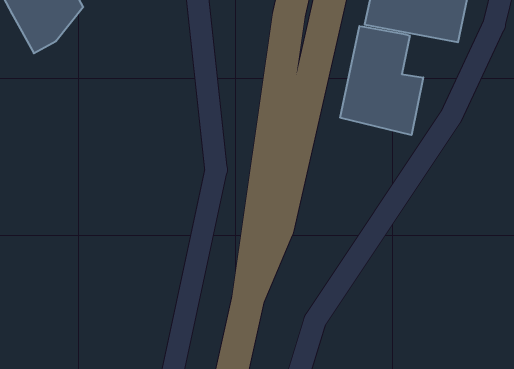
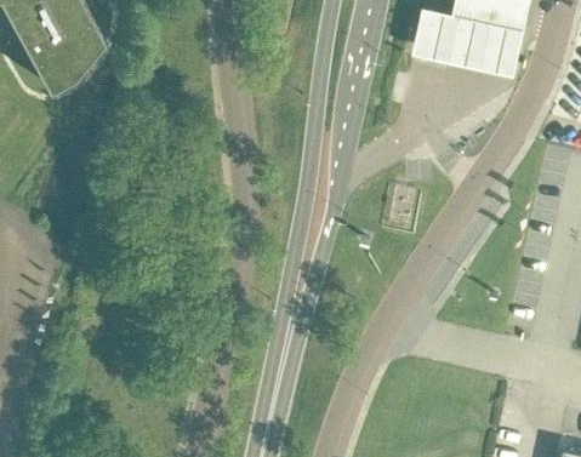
building: [340,26,423,135] -> none

